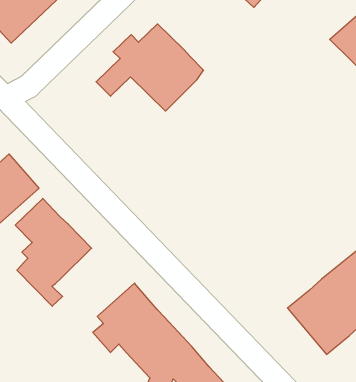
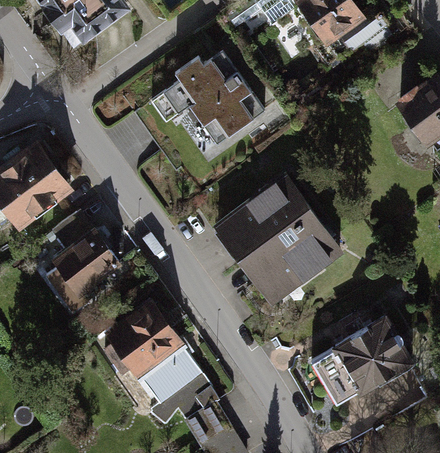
building: none -> [211,170,345,306]

